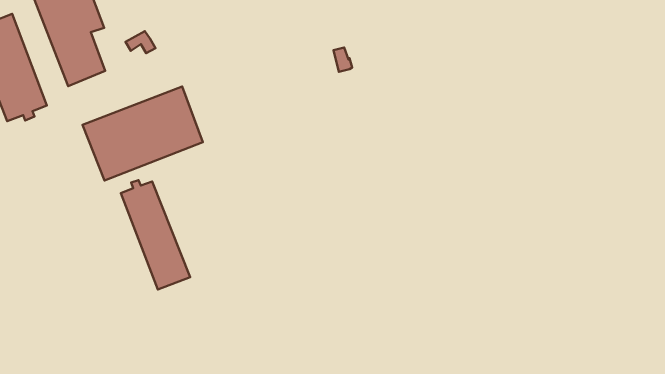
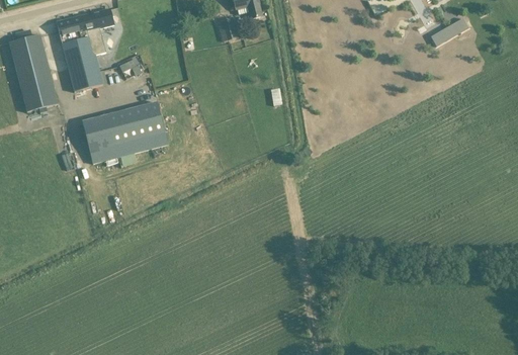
building: [121,180,190,290] -> none

